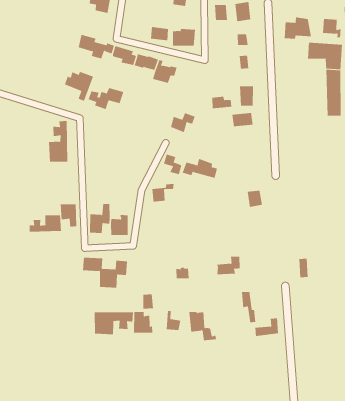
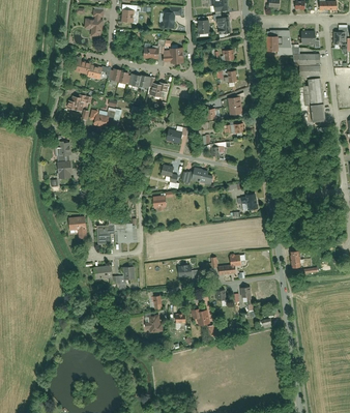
building: [29,215,61,233] -> none
building: [94,311,133,335] -> none

